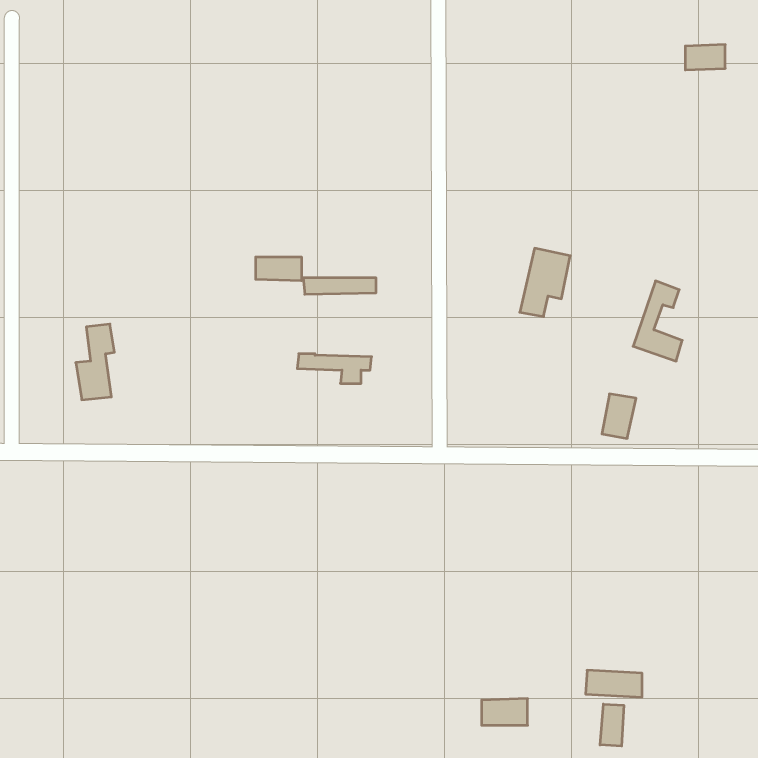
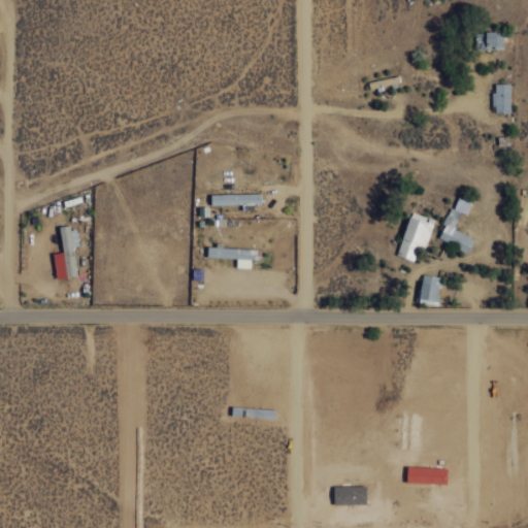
building: none -> [494,84,512,112]
building: [520,248,570,317] -> [399,212,434,260]
building: [256,257,301,281] -> none
building: [600,704,624,746] -> none

